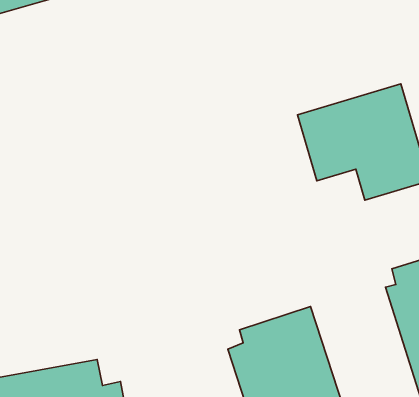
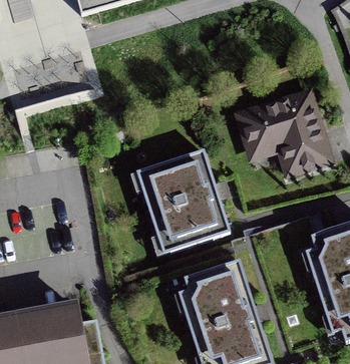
building: none -> [135,149,231,255]

